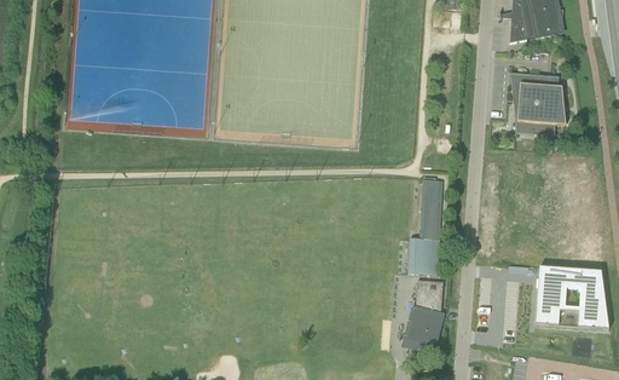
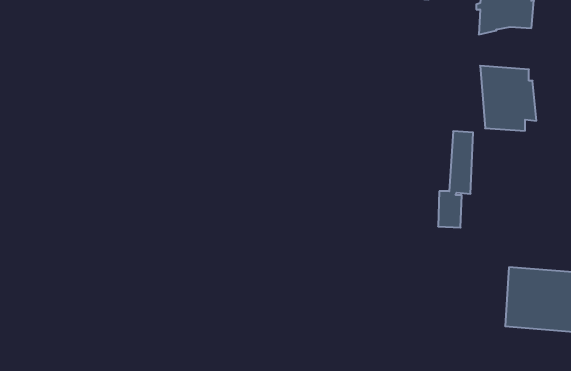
building: [409,180,442,274] -> [438,131,473,228]
building: [413,280,444,344] -> none

